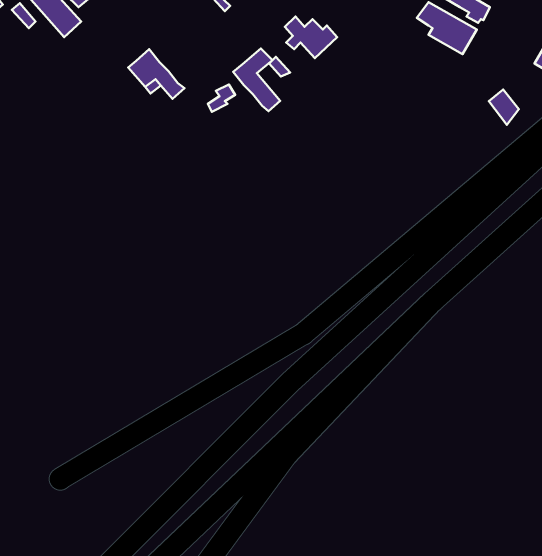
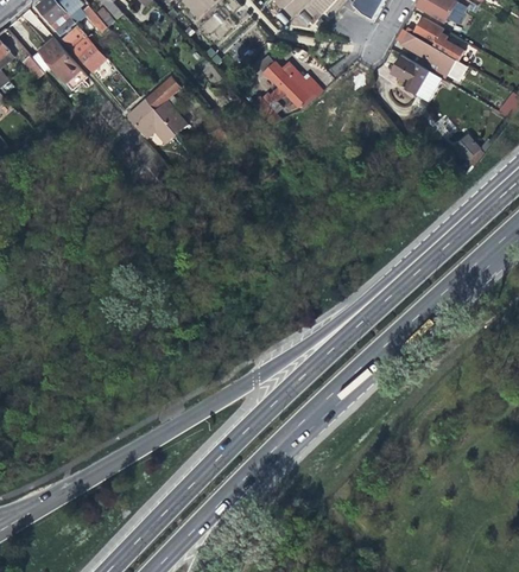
building: [233,48,280,111] -> [145,76,188,133]

